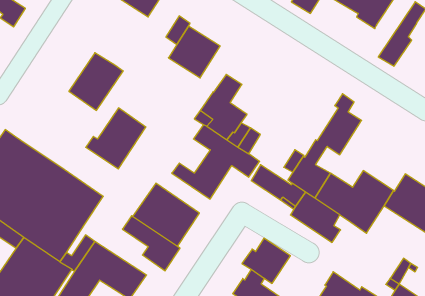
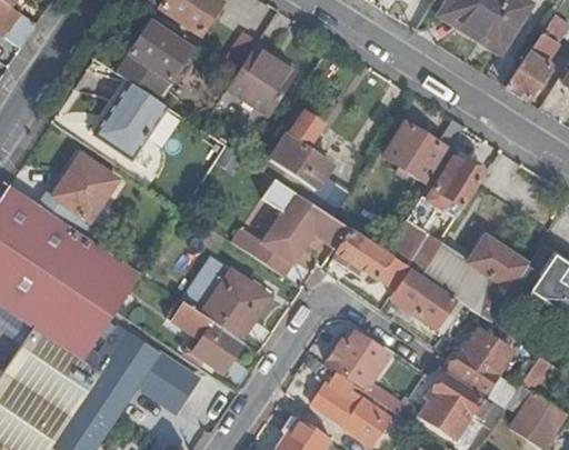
building: none -> [114,21,190,99]
building: none -> [383,119,463,181]
building: [86,108,146,169] -> [39,152,119,233]
building: none -> [449,328,511,389]

